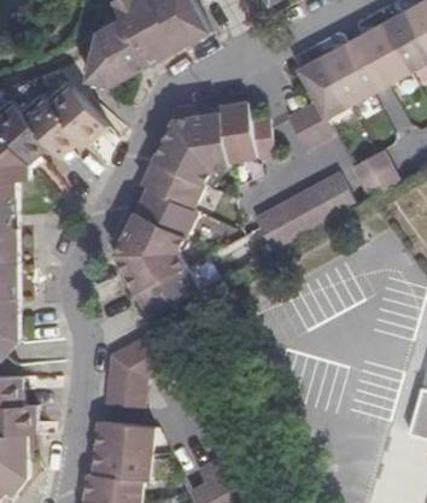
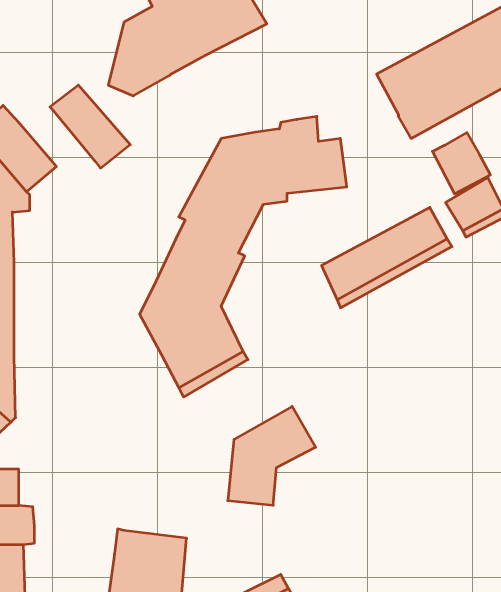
building: [24,92,82,152] -> none
building: [289,103,334,150] -> [432,133,490,194]
building: [107,331,175,407] -> [228,406,316,505]

